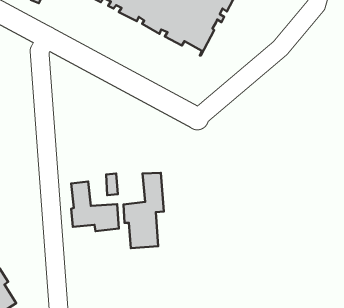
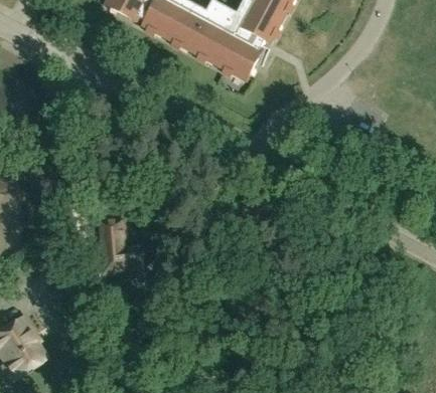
building: [123,173,164,248] -> none

